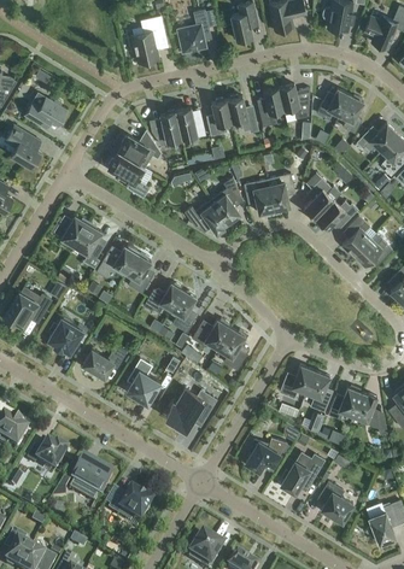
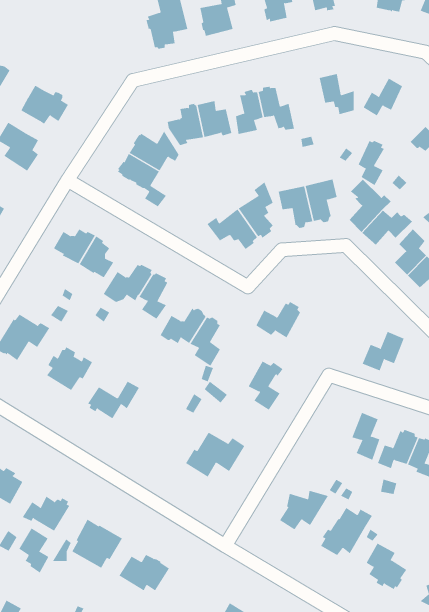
building: [259,87,283,125] -> none
building: [340,94,363,133] -> [358,140,385,186]
building: [192,317,230,348] -> [255,301,301,338]
building: [125,357,160,403] -> none
building: [279,364,315,398] -> [362,331,404,371]
building: none -> [18,528,49,573]

